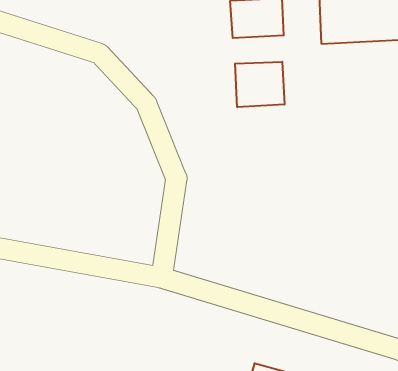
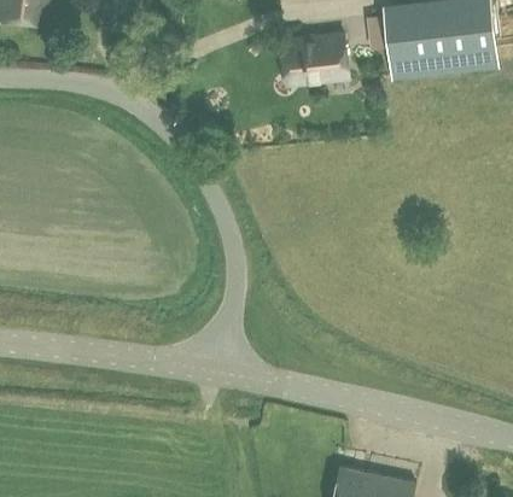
building: [235,62,284,107] -> none

